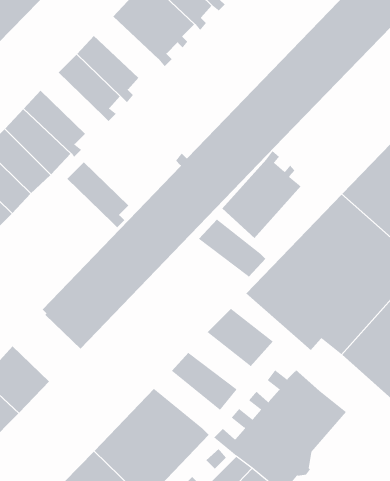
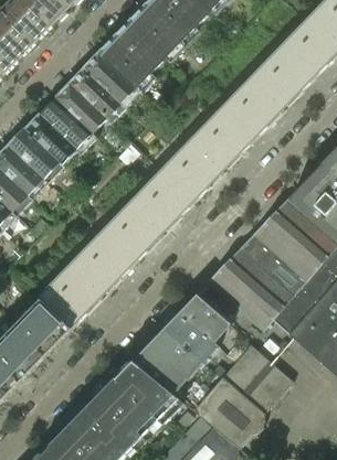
building: none -> [82,52,135,108]
building: [221,150,301,239] -> none
building: [66,162,129,228] -> [38,98,89,153]
building: [198,219,266,277] -> [160,313,217,362]
building: none -> [14,298,71,354]
building: none -> [131,345,186,393]

